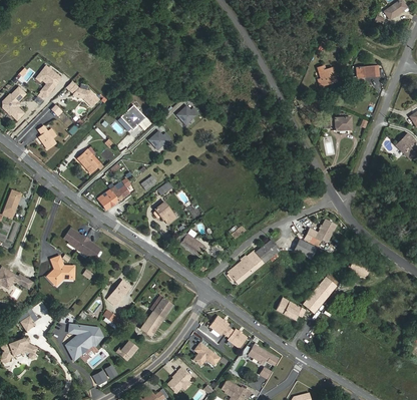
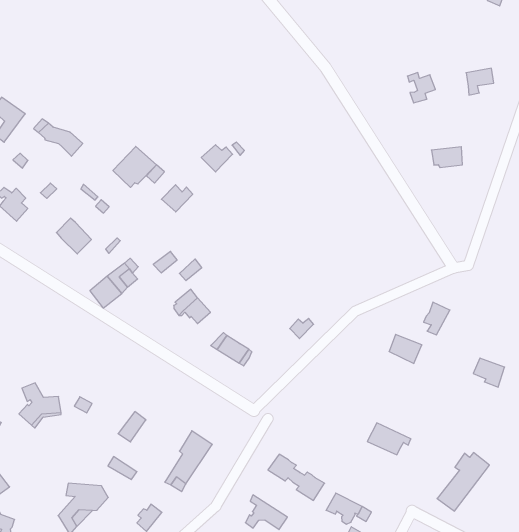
building: [63,227,99,256] -> none
building: [228,240,280,284] -> none
building: [302,275,338,313] -> [437,453,489,511]

